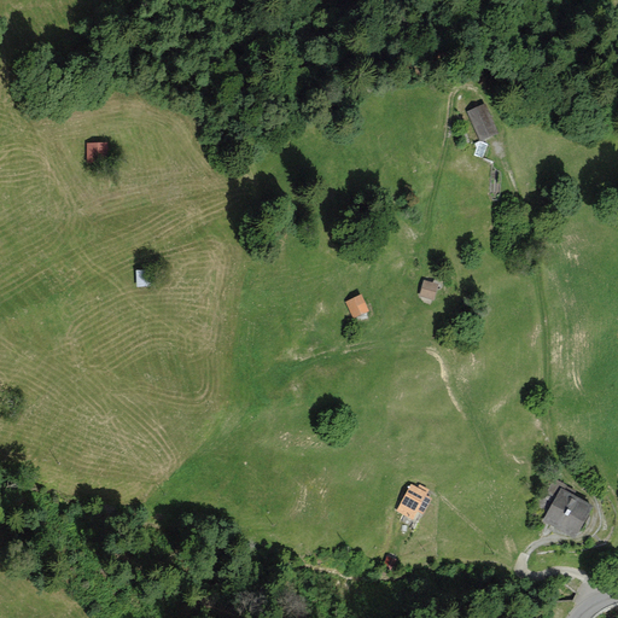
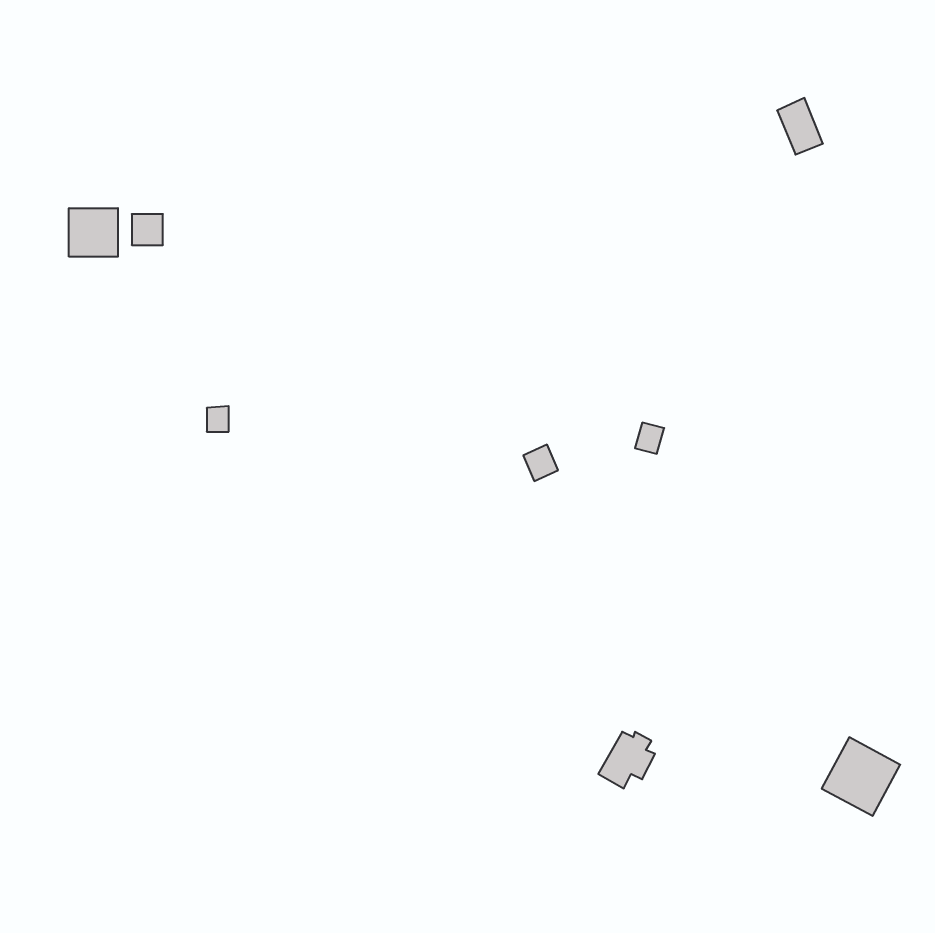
building: [467,103,497,140] -> [777,98,823,155]
building: none -> [69,208,118,257]

